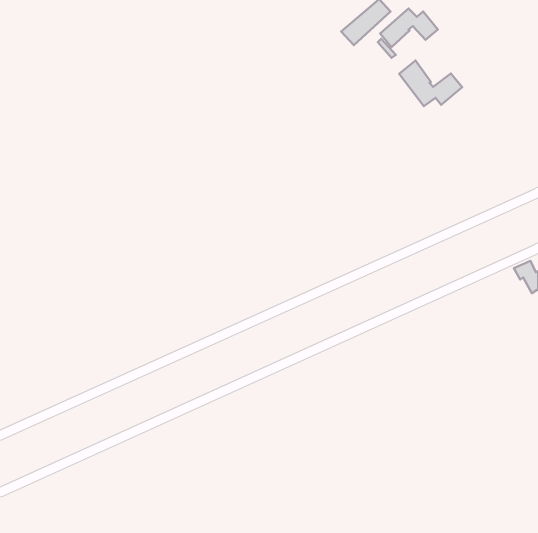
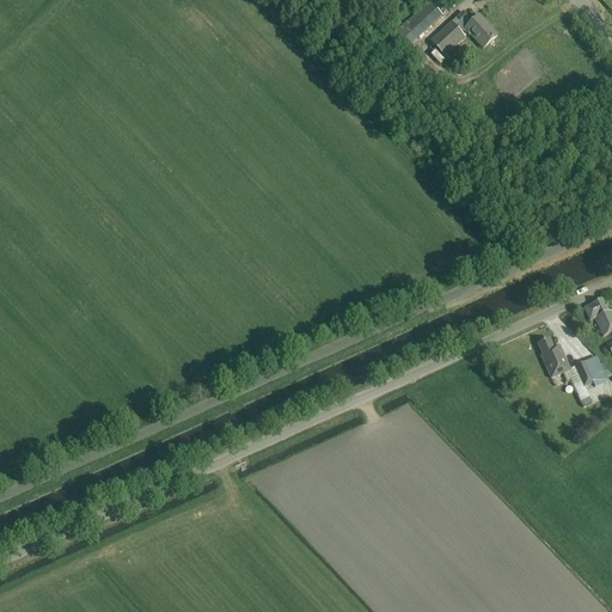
building: [399,60,462,106] -> none
building: none -> [538,336,596,404]

